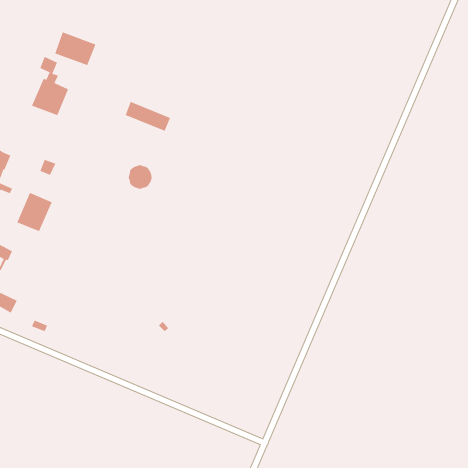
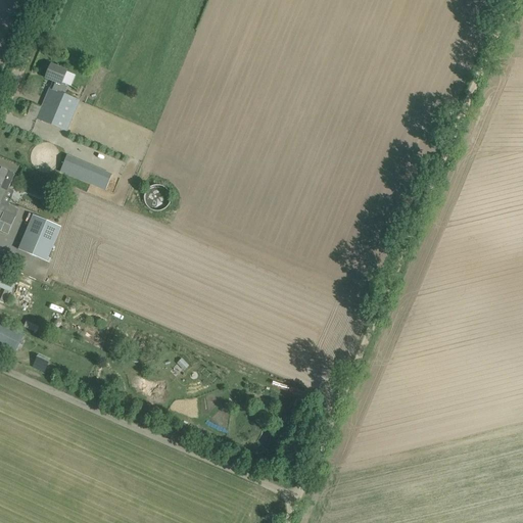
building: [55,32,96,66] -> none
building: [125,101,171,132] -> [58,154,109,188]

